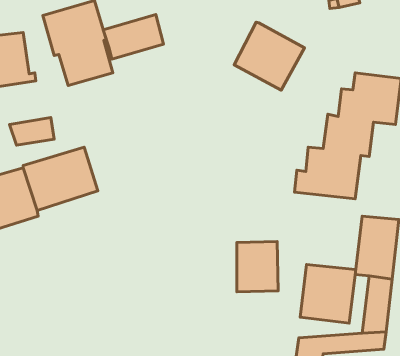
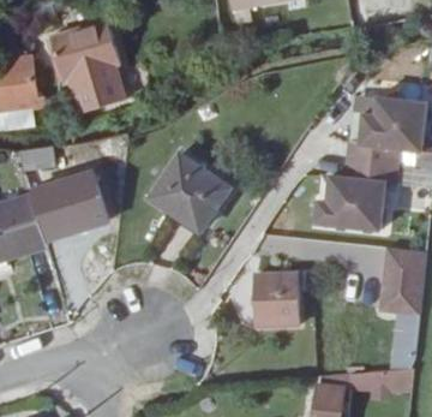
building: [103,15,164,59] -> none
building: [234,22,305,90] -> none
building: none -> [151,154,230,231]
building: [300,265,356,323] -> none

